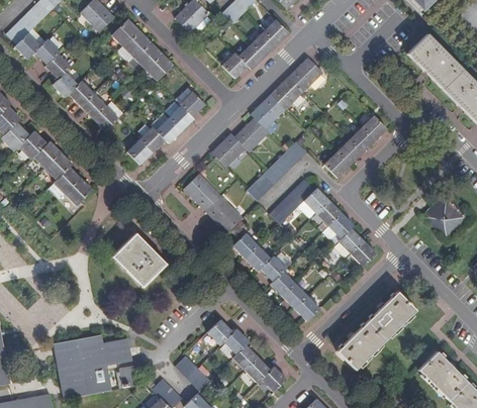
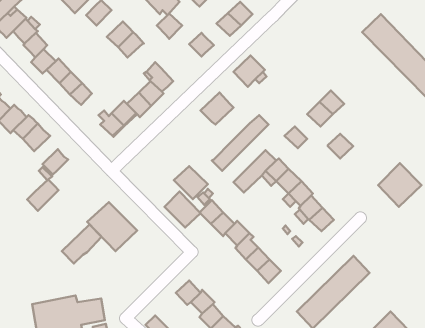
building: [116,29,151,63] -> none
building: [237,43,265,71] -> [157,13,182,39]
building: [287,58,323,93] -> none
building: [250,95,284,129] -> none
building: [211,133,246,168] -> none
building: [335,140,362,167] -> [328,134,353,158]
building: [47,167,81,200] -> [27,180,58,211]
building: [183,173,221,211] -> [164,192,200,227]
building: none -> [62,225,102,264]

